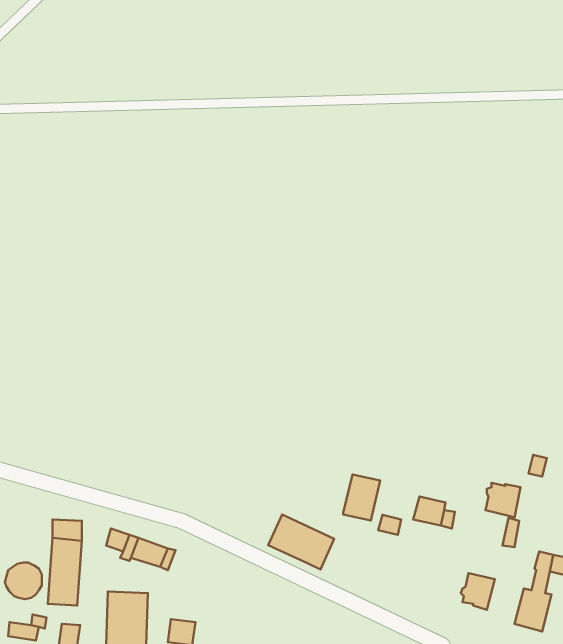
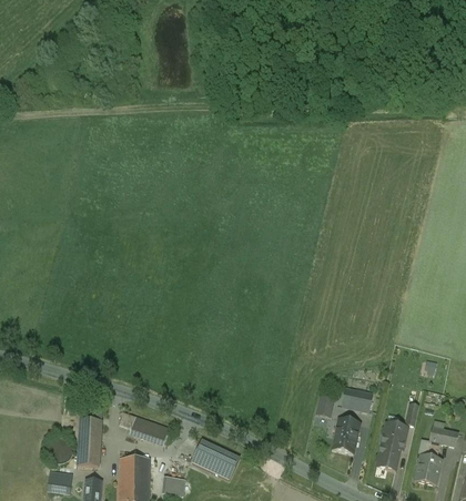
building: [343,474,380,521] -> [332,419,358,452]
building: [485,483,521,518] -> [381,423,406,449]
building: [268,514,334,570] -> [191,439,239,479]

